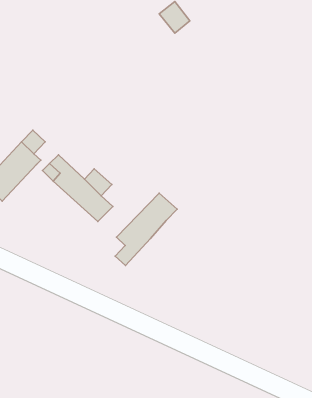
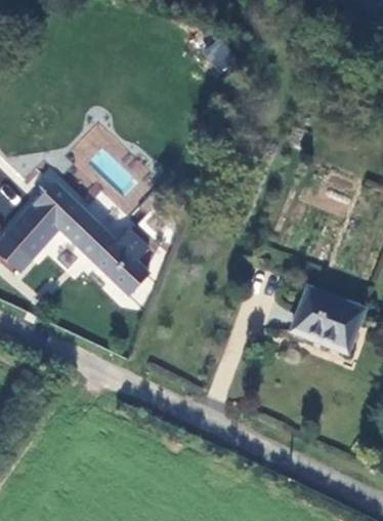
building: [115,193,177,265] -> none
building: none -> [292,290,359,349]

